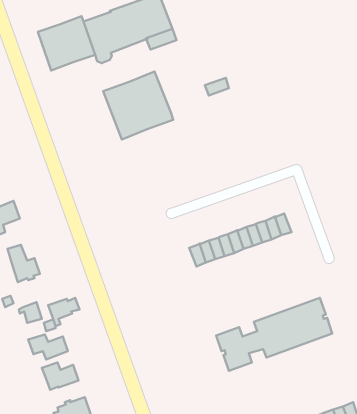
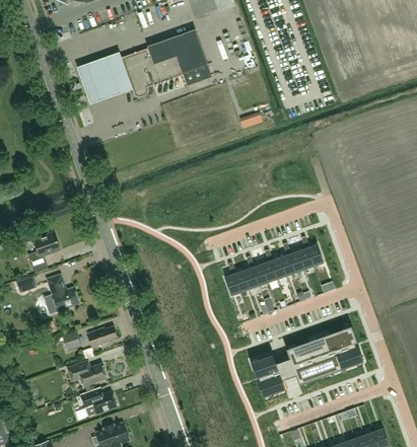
building: [103,71,173,139] -> none

